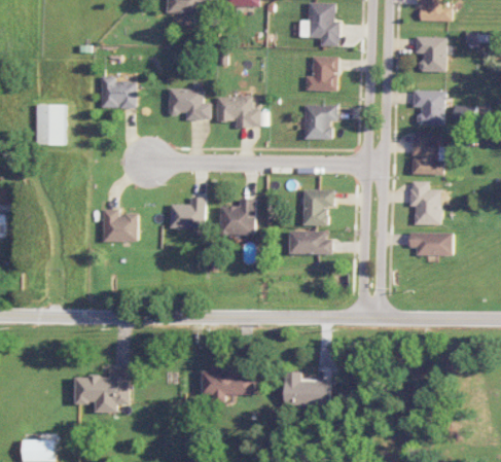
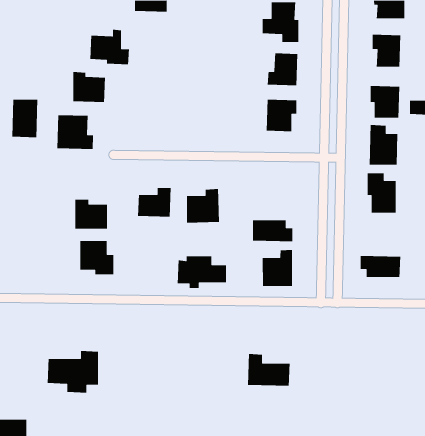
building: [168,81,210,119] -> [90,29,130,65]
building: [215,96,259,127] -> none
building: none -> [56,114,94,150]
building: [302,188,333,225] -> none
building: [409,232,453,255] -> [360,255,401,278]
building: none -> [80,240,114,275]
building: none -> [262,249,293,287]
building: [201,365,253,400] -> [177,256,227,289]

